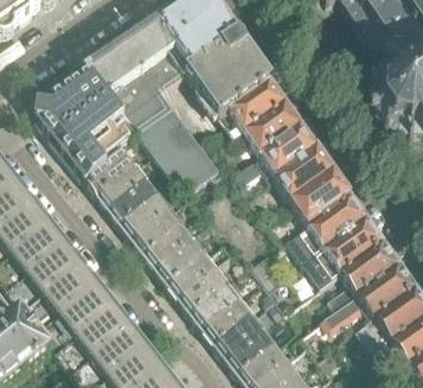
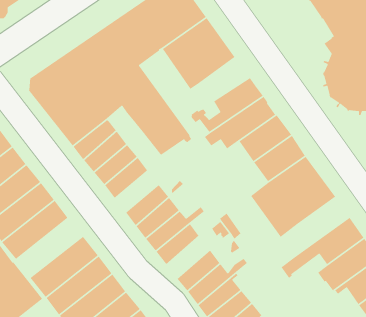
building: [223,76,284,135] -> none
building: [132,204,181,252] -> none
building: [326,234,397,301] -> none
building: [20,257,96,325] -> none
building: [190,278,239,326] -> none

